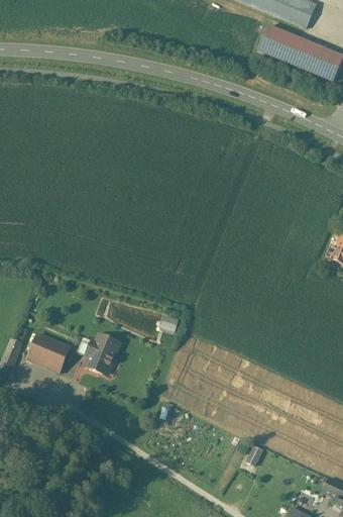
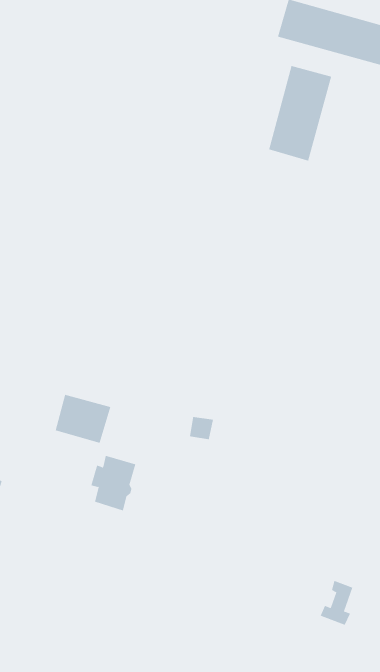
building: none -> [268,65,332,162]
building: [27,334,70,373] -> [55,394,111,443]

